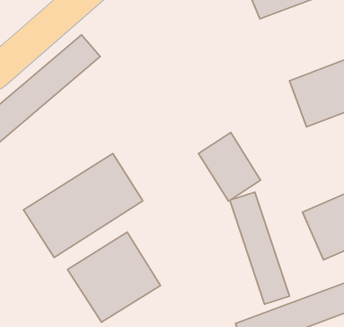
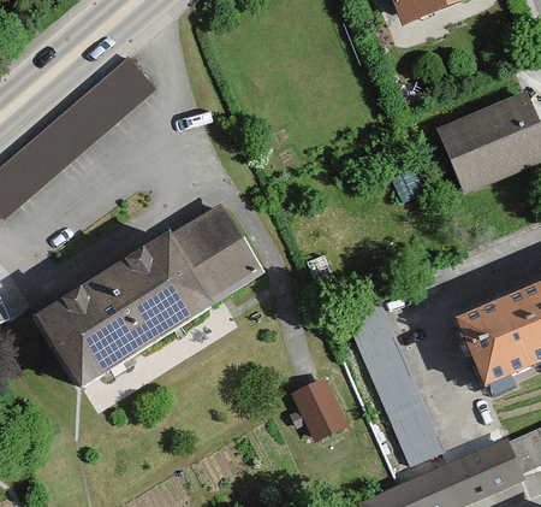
building: [199,133,261,201] -> [174,202,267,305]
building: [67,232,160,322] -> none
building: none -> [289,369,346,434]

